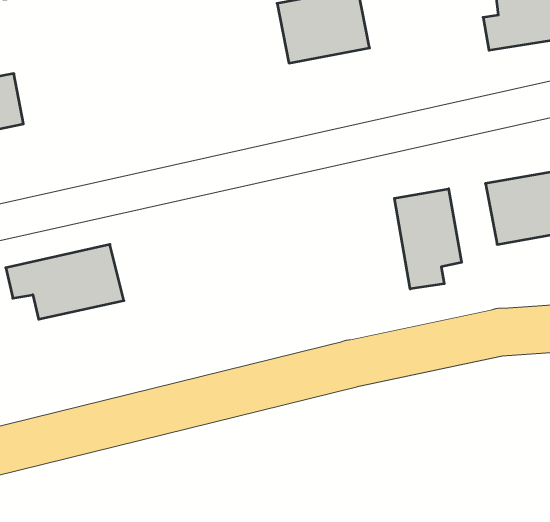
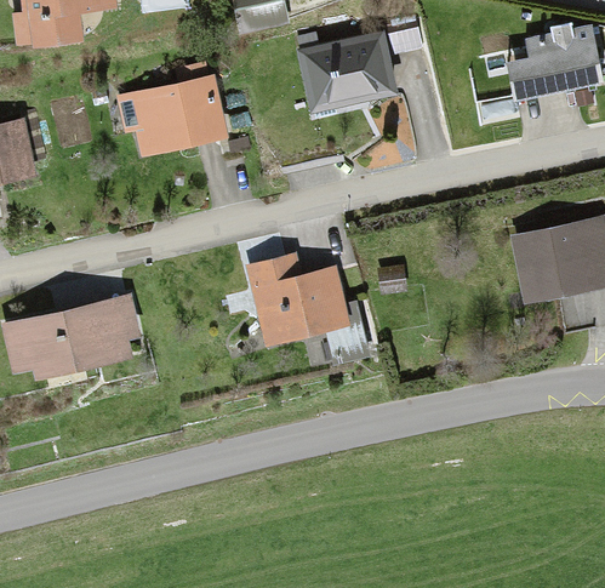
building: none -> [118,80,221,153]
building: [394,189,462,289] -> none
building: none -> [245,244,350,338]

